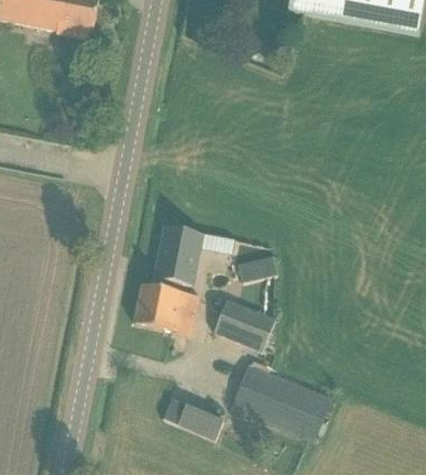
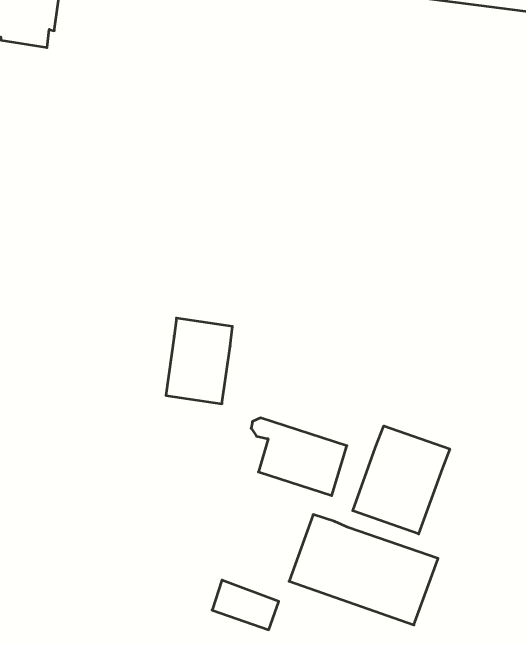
building: [238,252,277,280] -> none
building: [134,282,197,333] -> none
building: none -> [353,426,450,534]

